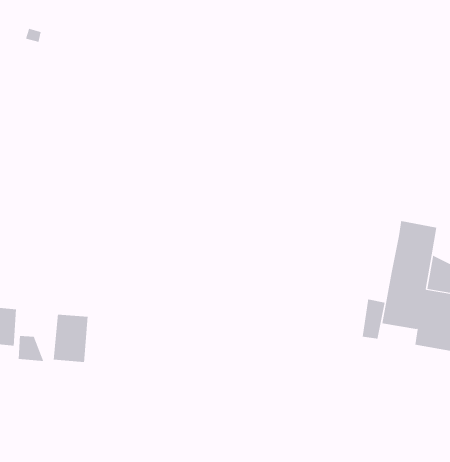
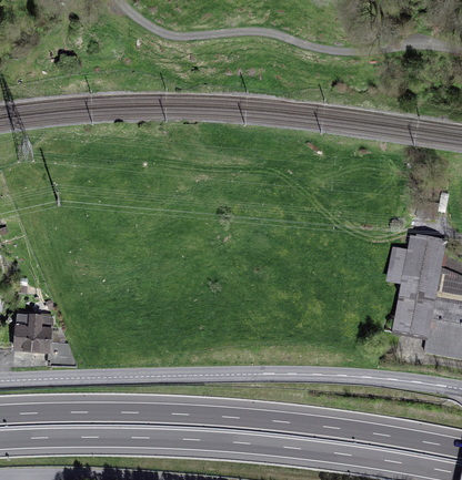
building: [362,299,385,339] -> [386,245,409,283]
building: [53,314,88,363] -> none

